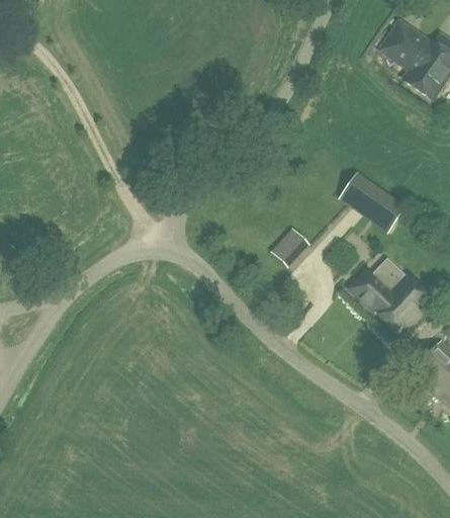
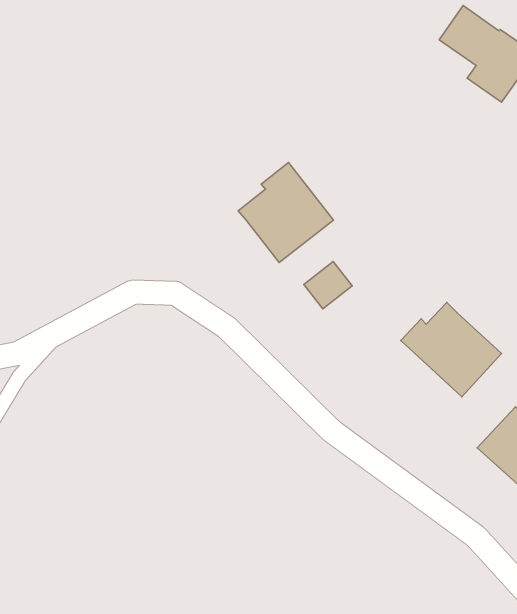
building: none -> [238,163,334,262]
building: [343,174,403,227] -> none

